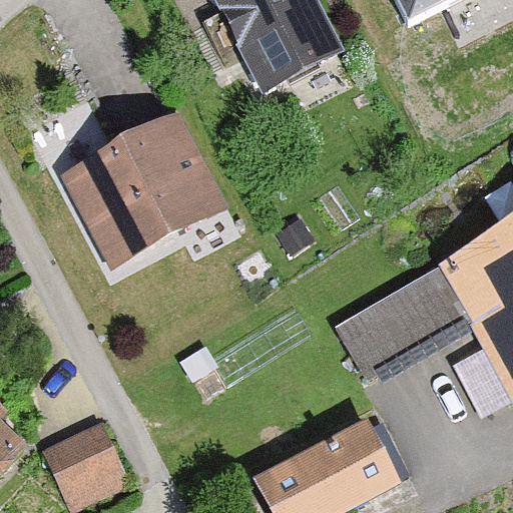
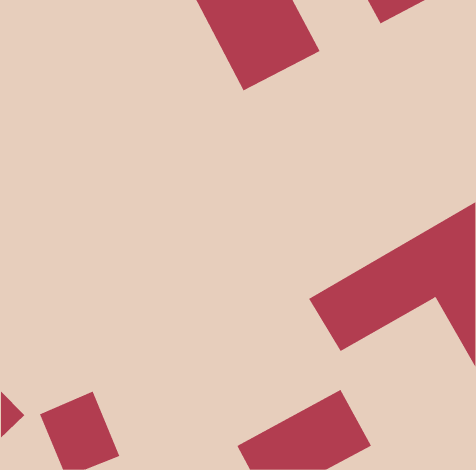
building: [64,113,229,269] -> none

